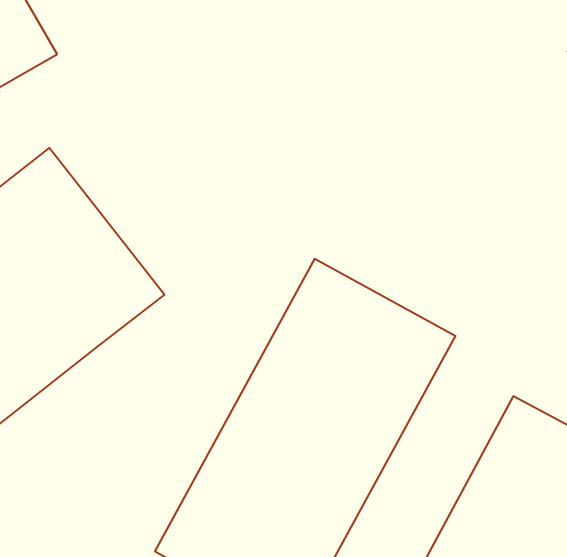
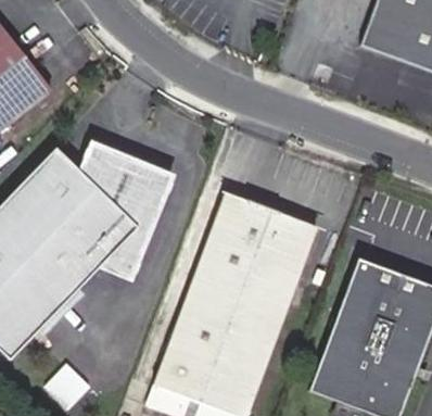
building: none -> [81,148,168,275]

